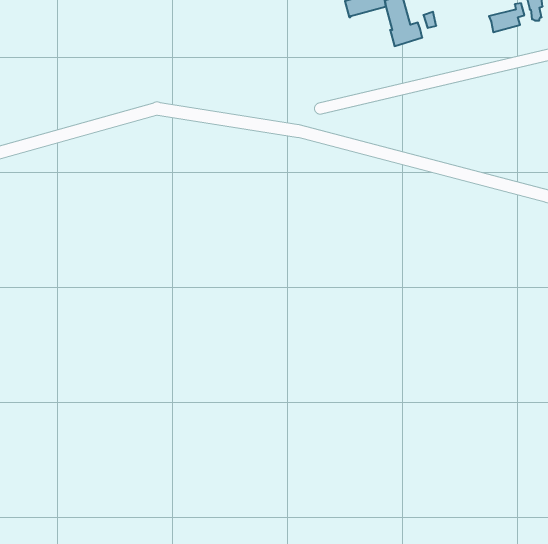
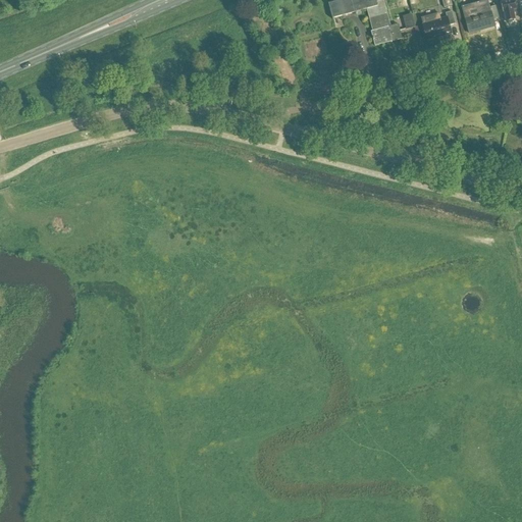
building: none -> [420,8,455,38]

